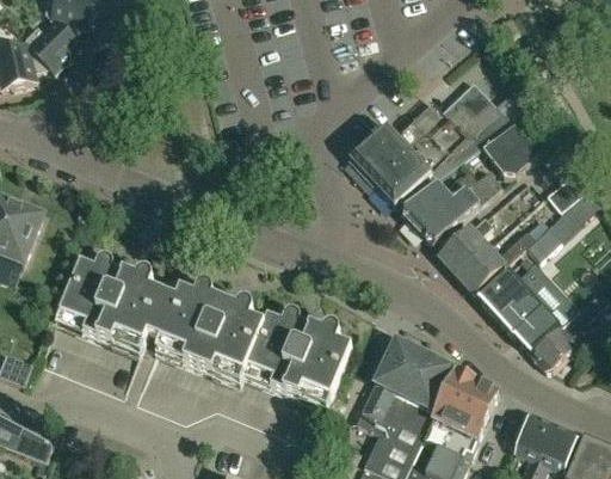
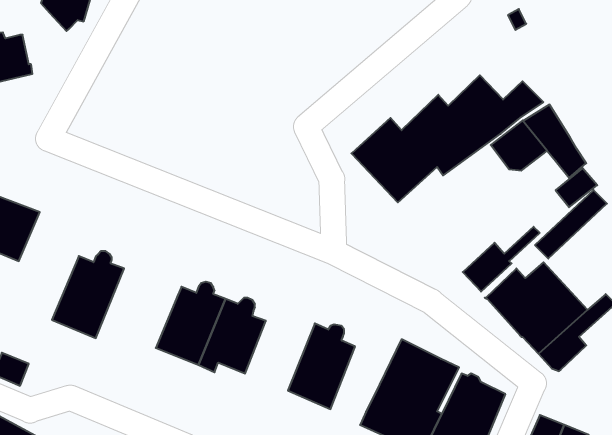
building: [23,20,82,73] -> none
building: [396,170,500,244] -> none
building: [438,215,490,274] -> none
building: [98,270,178,355] -> none
building: [243,308,311,389] -> none

